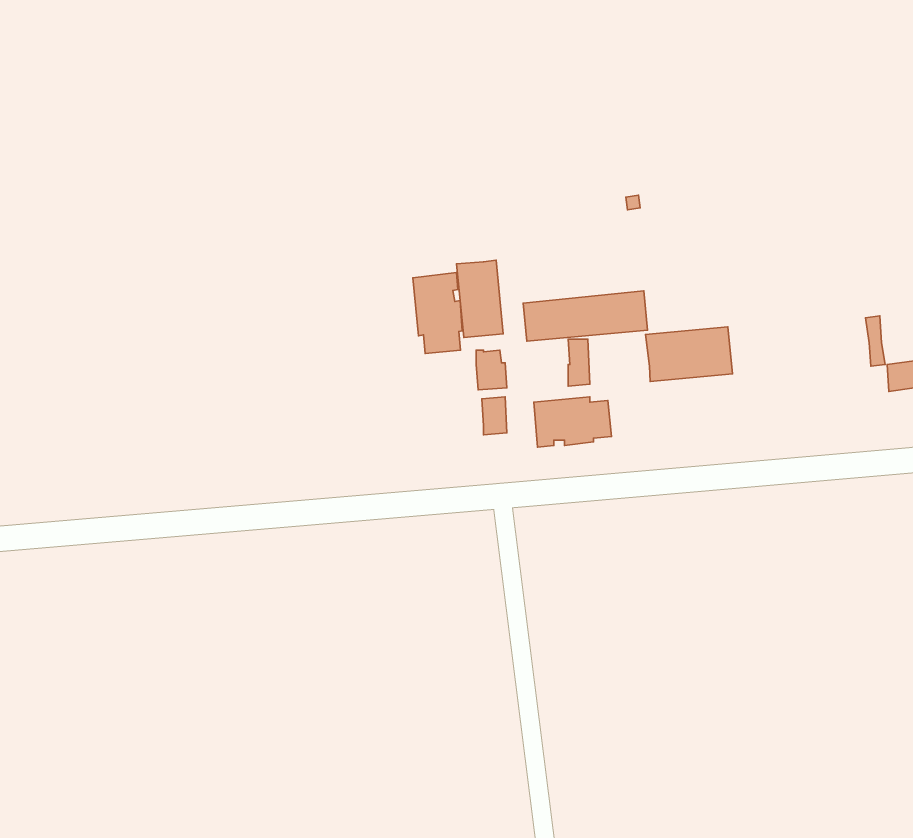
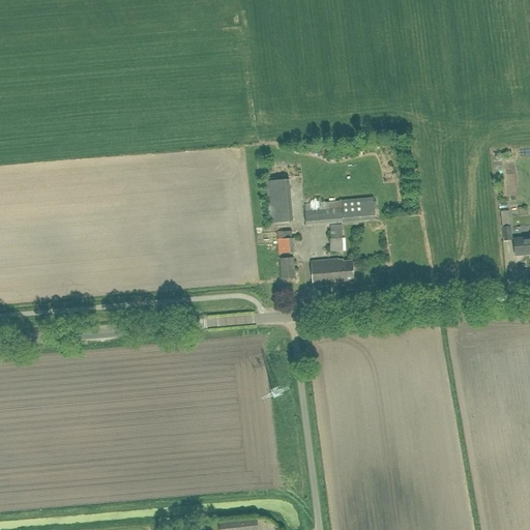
building: [413,273,462,354] -> none
building: [646,327,732,381] -> none

